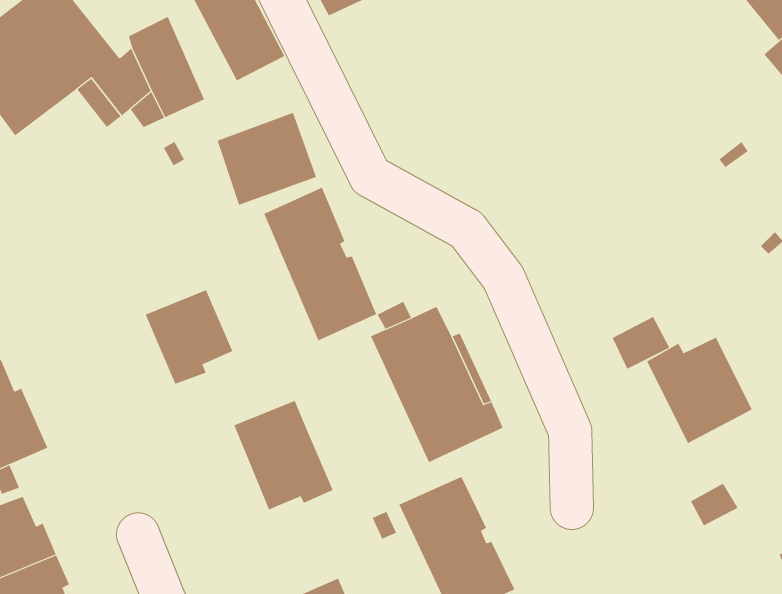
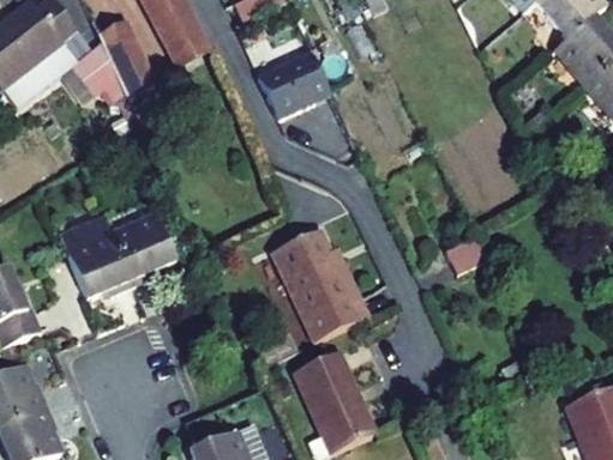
building: [217,112,317,206] -> [258,48,330,115]
building: [263,187,377,341] -> none
building: [647,337,752,444] -> none
building: [233,400,334,510] -> [60,219,132,298]

